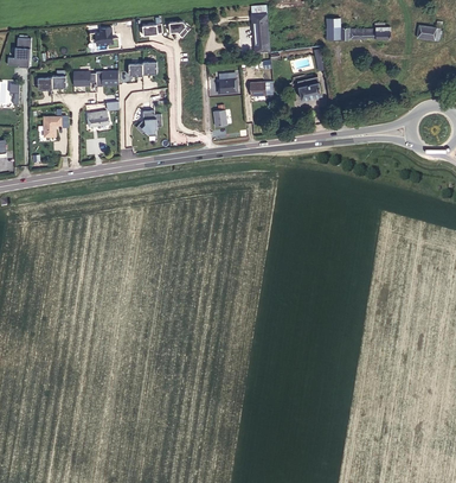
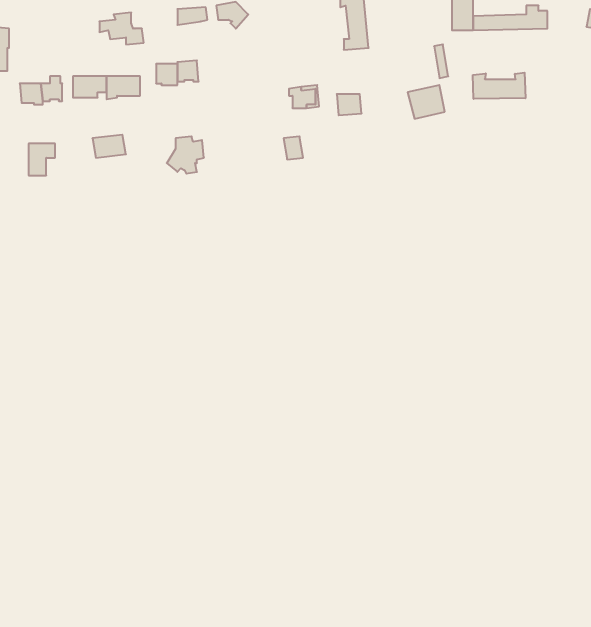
building: none -> [473,73,525,99]

